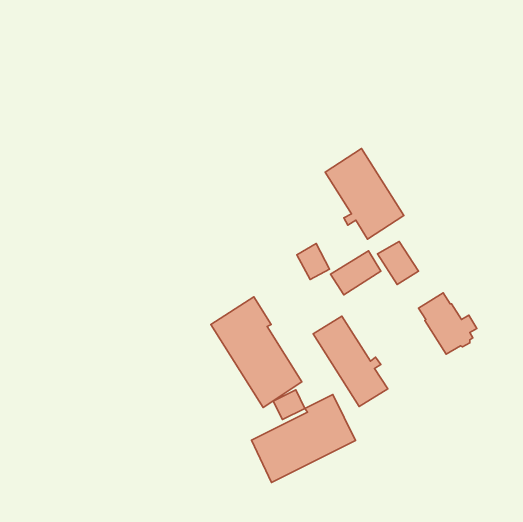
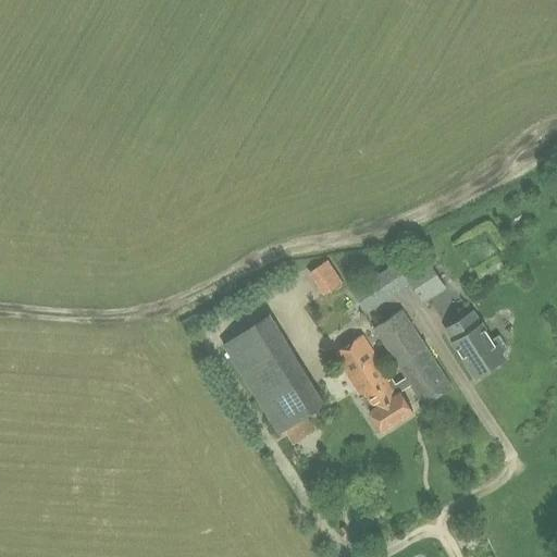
building: [325,149,404,239] -> none
building: none -> [374,309,449,404]
building: [252,394,355,482] -> none

